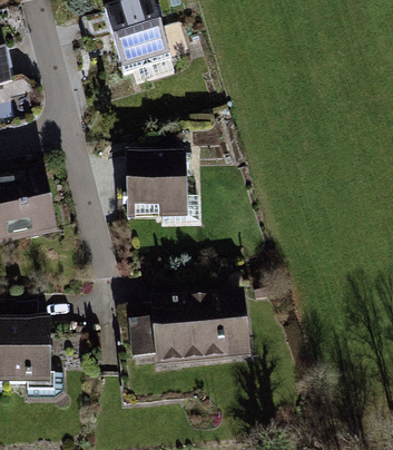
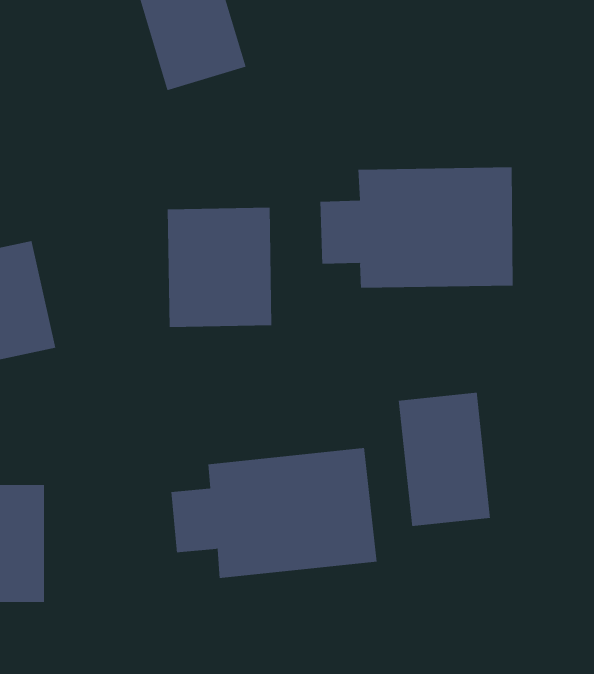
building: none -> [320,167,513,288]
building: none -> [398,392,490,527]

